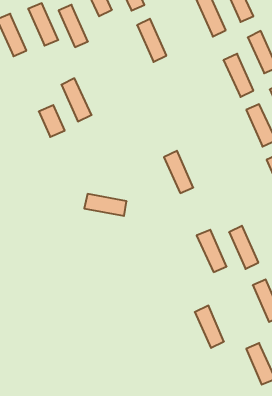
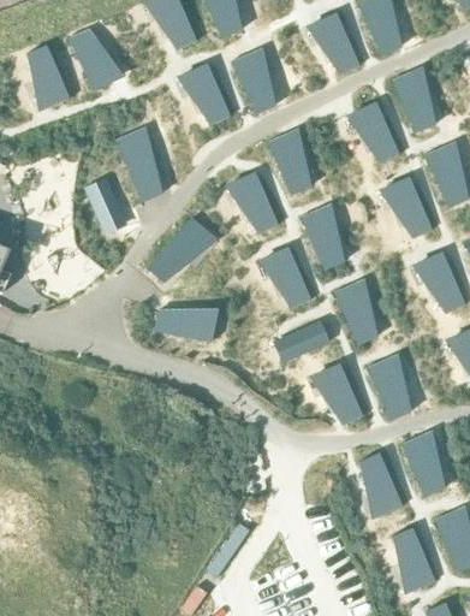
building: [59,5,88,47] -> [189,61,232,124]
building: none -> [268,132,313,195]
building: none -> [237,171,281,233]
building: none -> [302,205,345,268]
building: none -> [145,220,200,279]
building: none -> [334,280,379,344]
building: none -> [284,319,331,357]
building: [195,306,224,348] -> [358,452,401,515]

